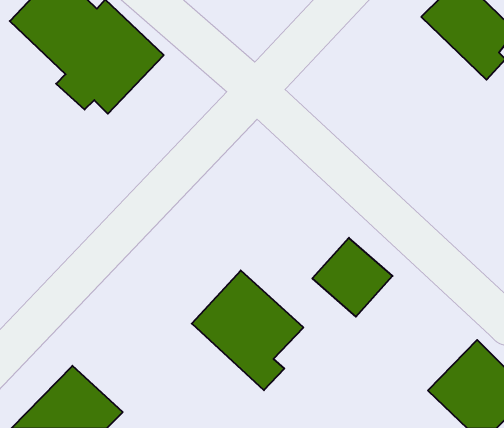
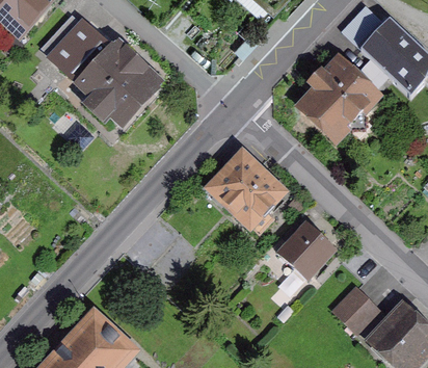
building: none -> [301,64,375,141]
building: [192,270,303,390] -> [204,146,289,237]
building: none -> [330,286,381,335]

